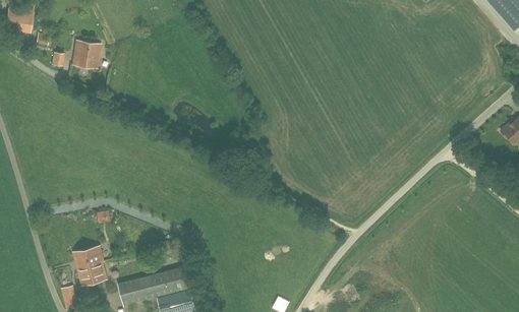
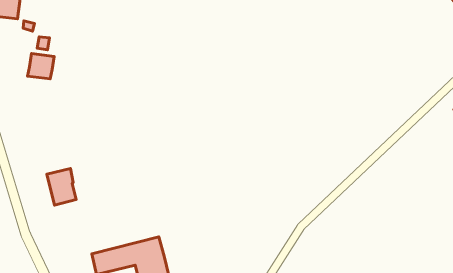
building: [71,41,100,68] -> [28,54,54,79]
building: [73,245,105,285] -> [47,168,76,205]

